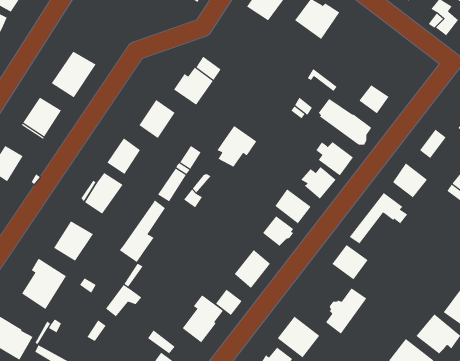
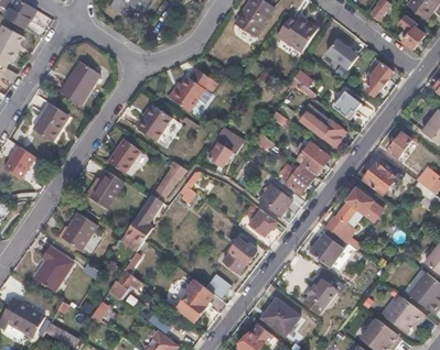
building: none -> [326,39,358,68]
building: none -> [365,62,393,95]

